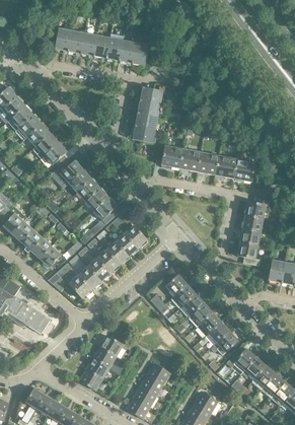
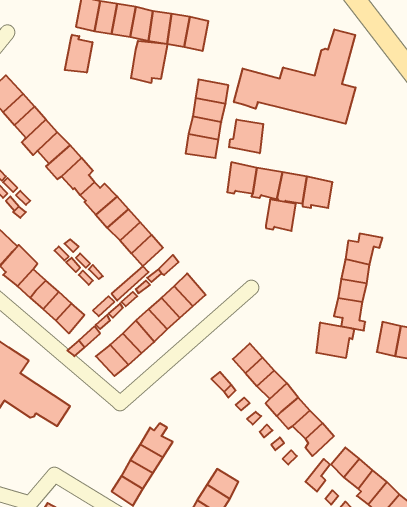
building: none -> [234,29,356,124]
building: none -> [65,35,92,73]
building: none -> [131,41,167,83]
building: none -> [229,119,263,153]
building: [234,159,255,182] -> [266,200,296,231]
building: none -> [316,322,354,358]

